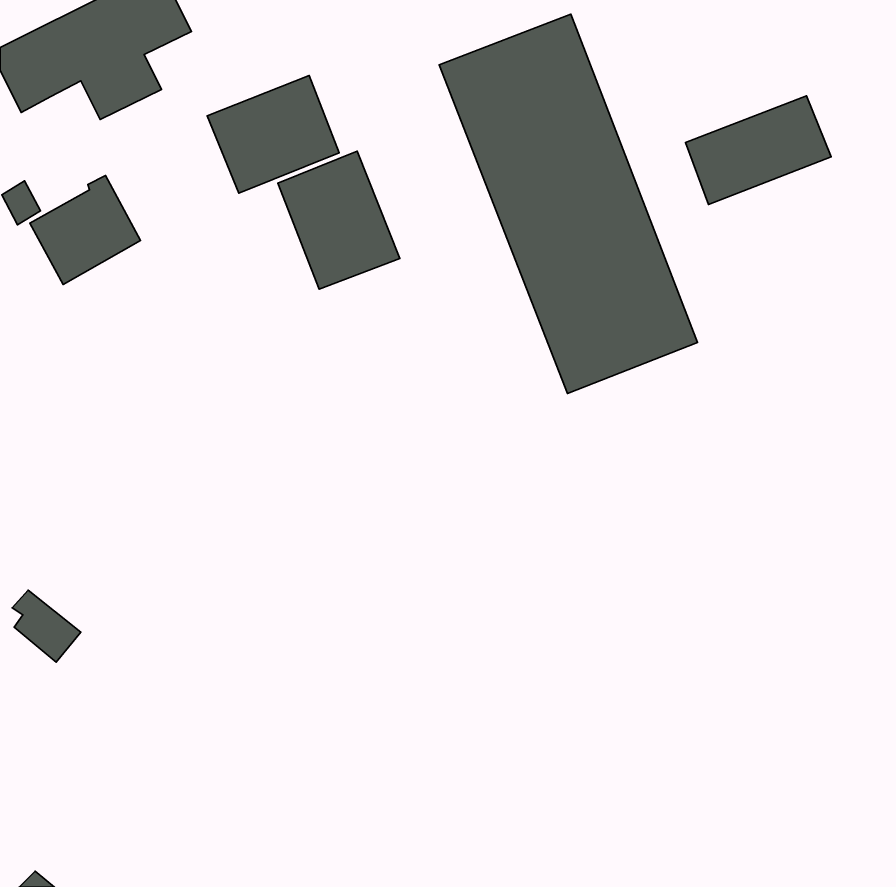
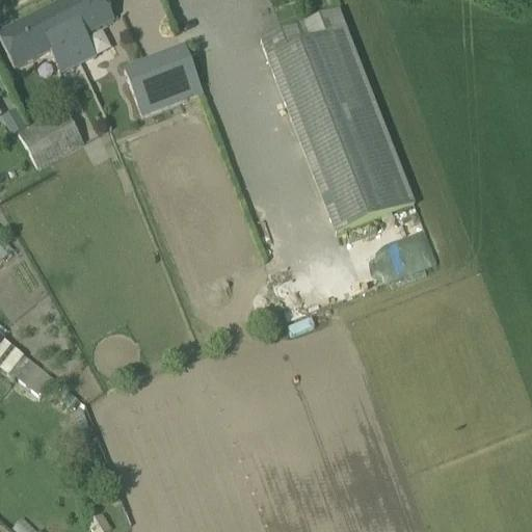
building: [685,96,831,205] -> none
building: [278,151,400,289] -> none

